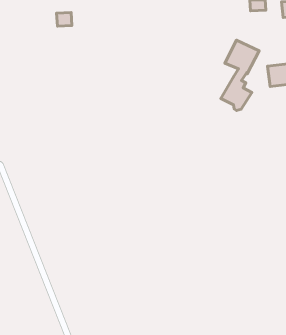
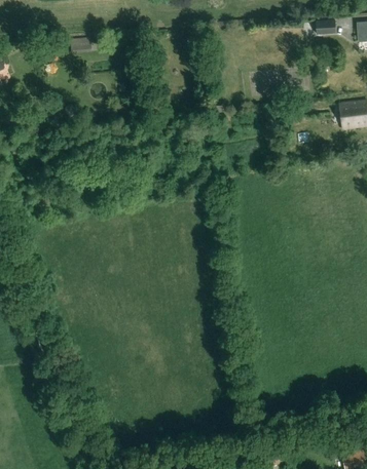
building: [221,40,259,111] -> none

